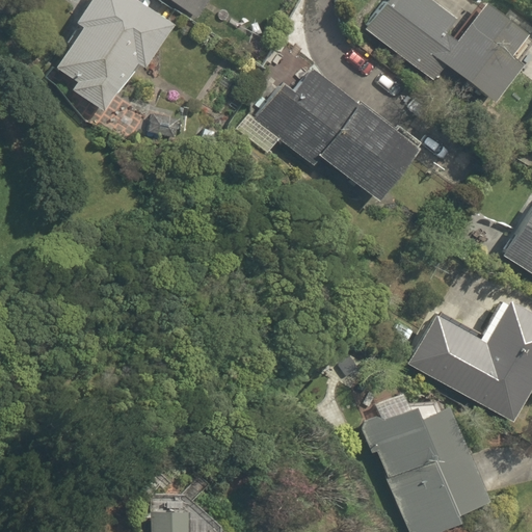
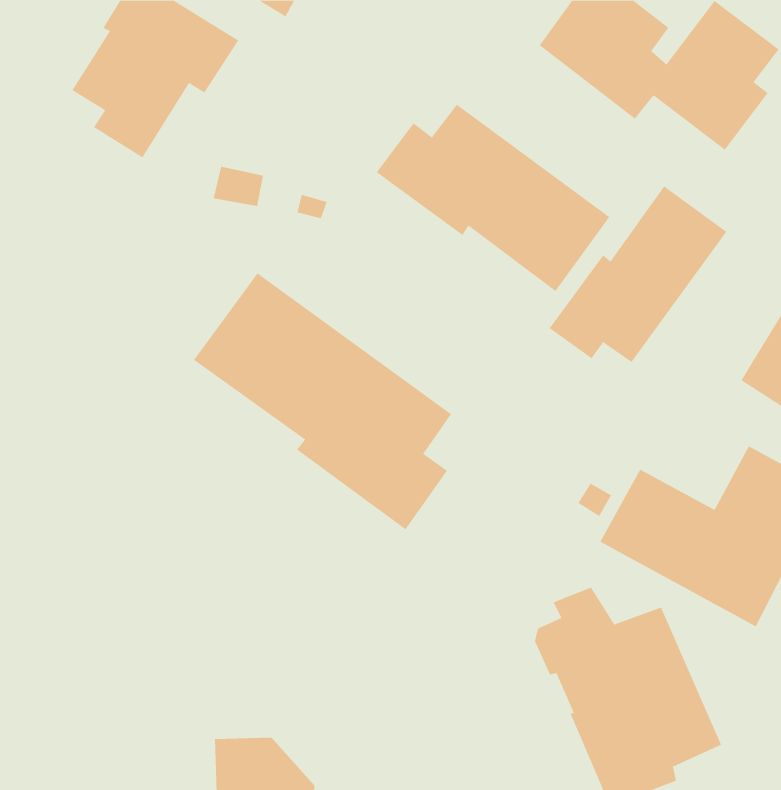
building: none -> [549,185,727,363]
building: none -> [193,273,452,530]

